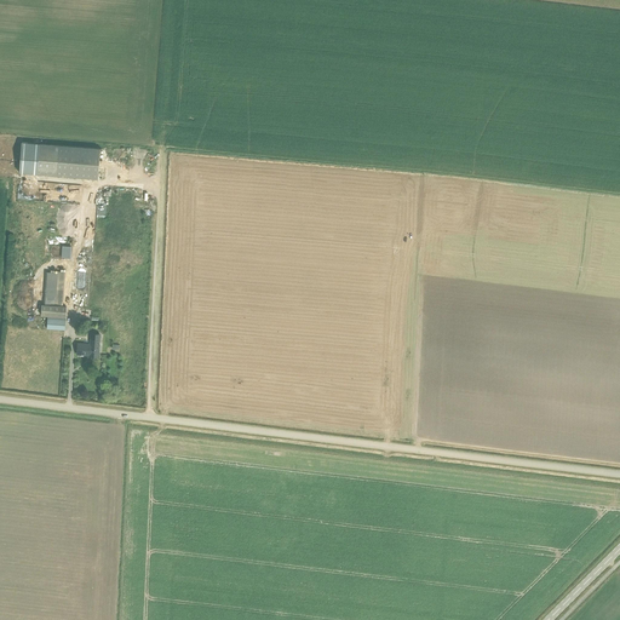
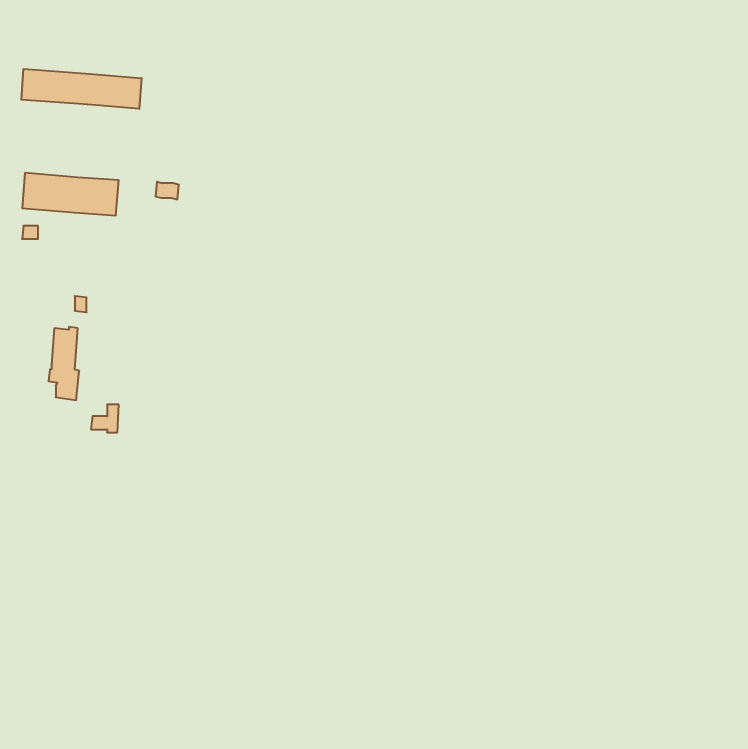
building: none -> [21,69,141,109]

